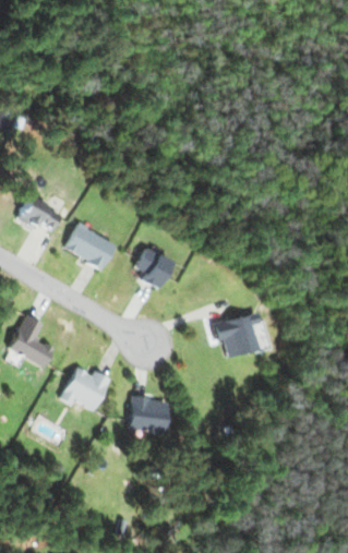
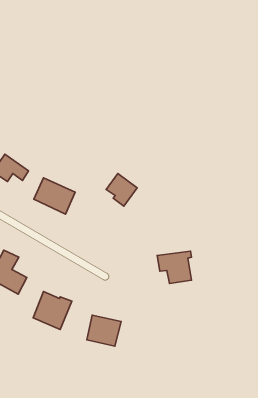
building: [132,248,170,288] -> [106,174,137,206]

